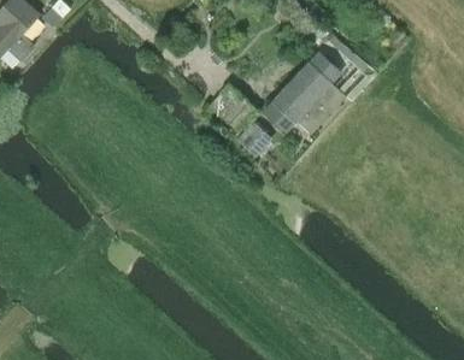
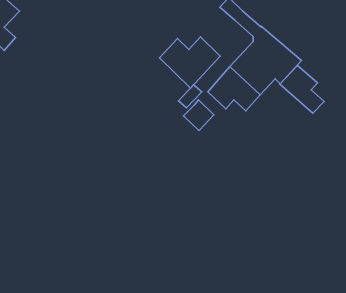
building: none -> [160,37,220,88]
building: none -> [280,66,324,113]

